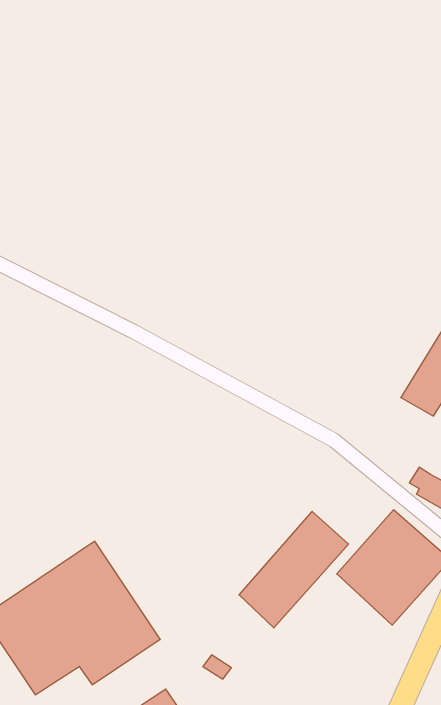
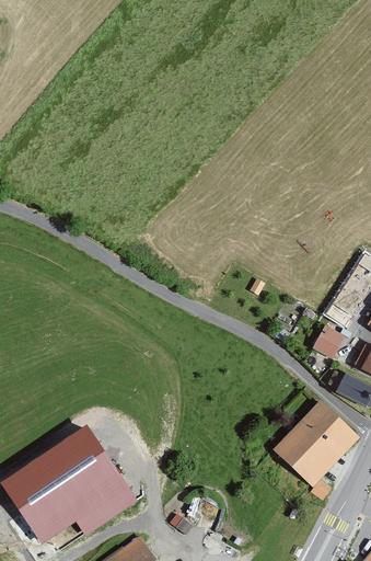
building: none -> [309,320,344,356]
building: [239,511,349,628] -> none

